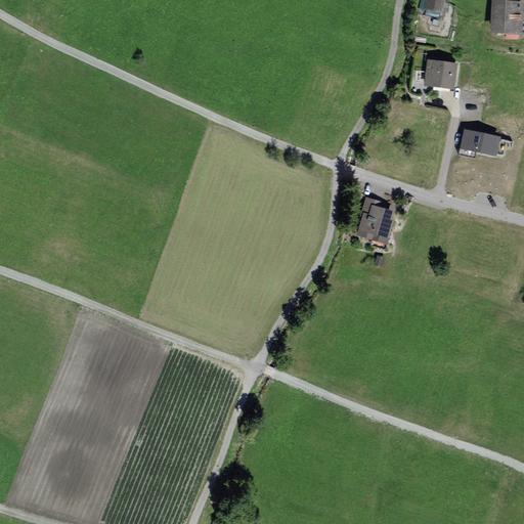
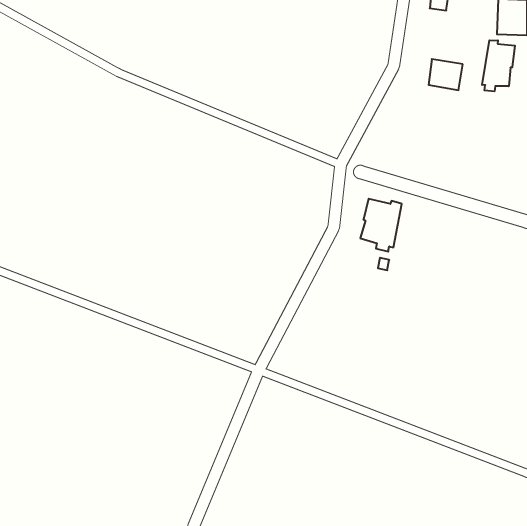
building: none -> [482,40,515,91]
building: [458,128,501,159] -> none

